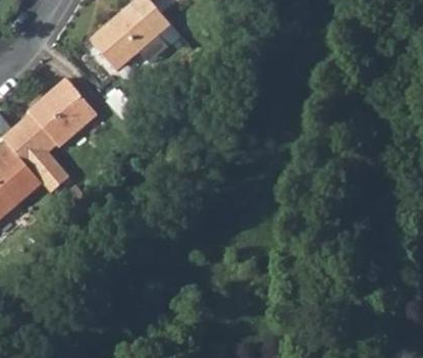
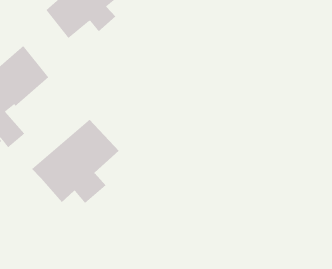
building: none -> [31,119,119,204]

